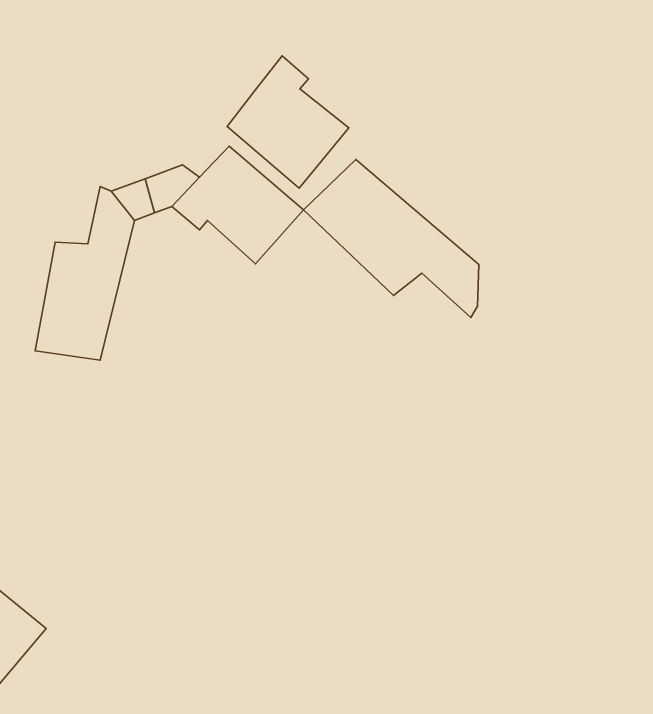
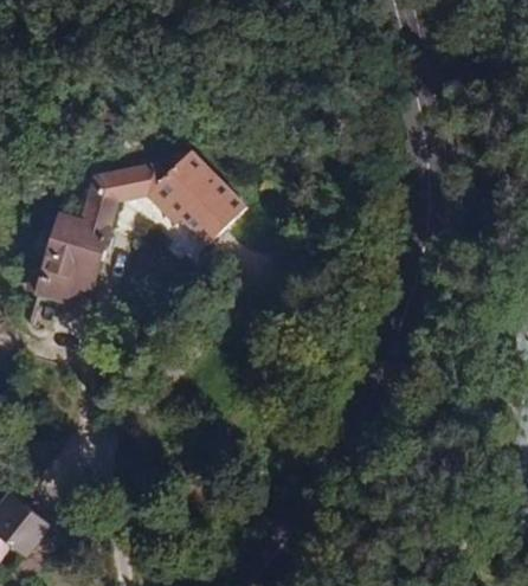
building: [227,56,349,188] -> none
building: [304,160,479,317] -> none

